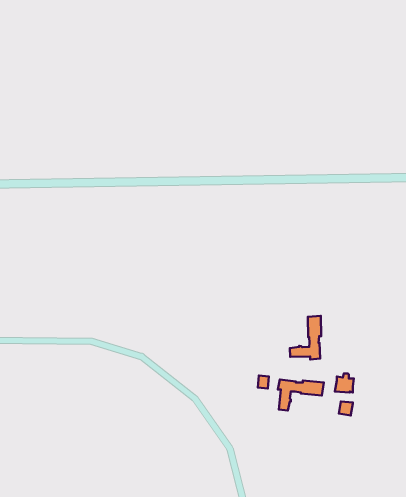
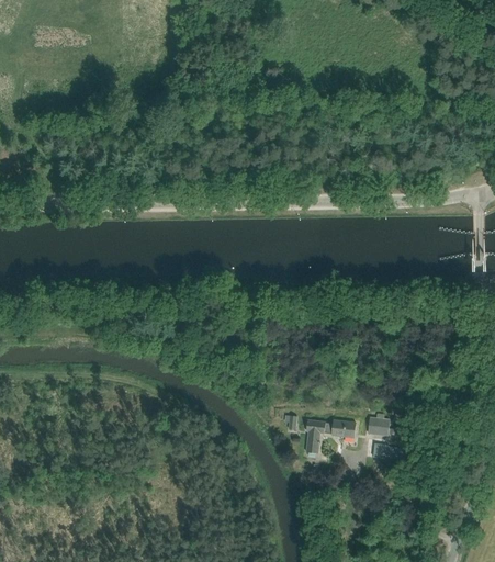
building: [290,316,321,359] -> none

